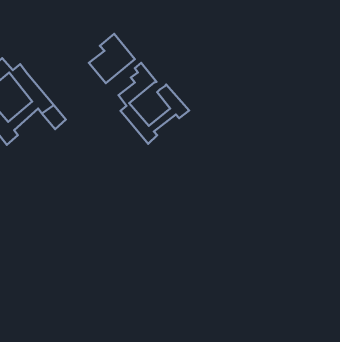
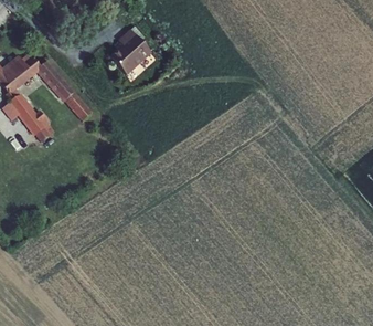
building: [119,63,189,144] -> none

